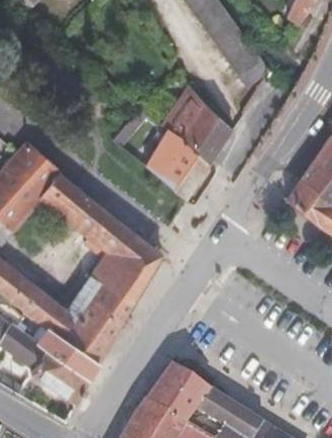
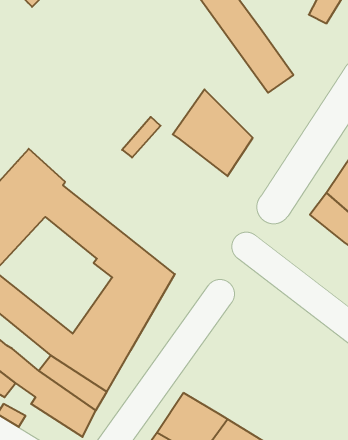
building: [145,130,210,200] -> none

